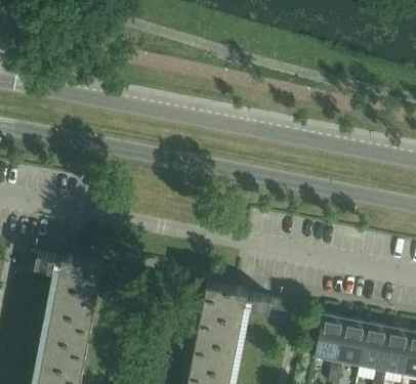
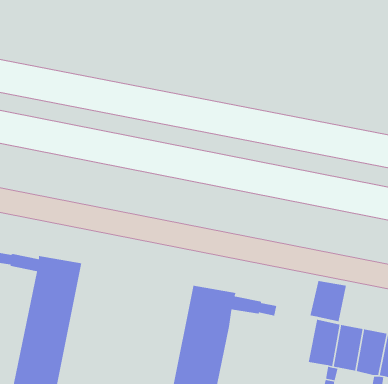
building: none -> [310,280,347,322]

